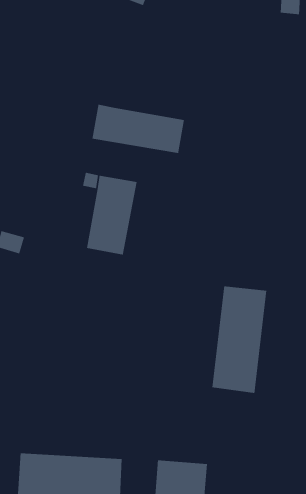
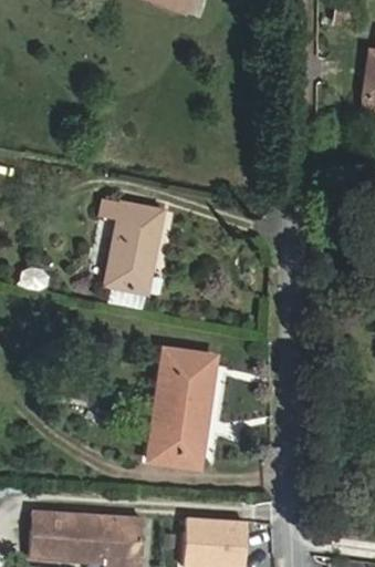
building: [92,104,184,154] -> none
building: [212,286,267,393] -> [144,346,206,466]

